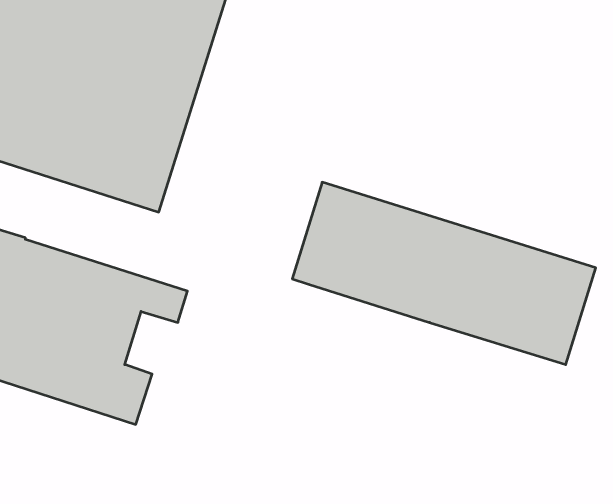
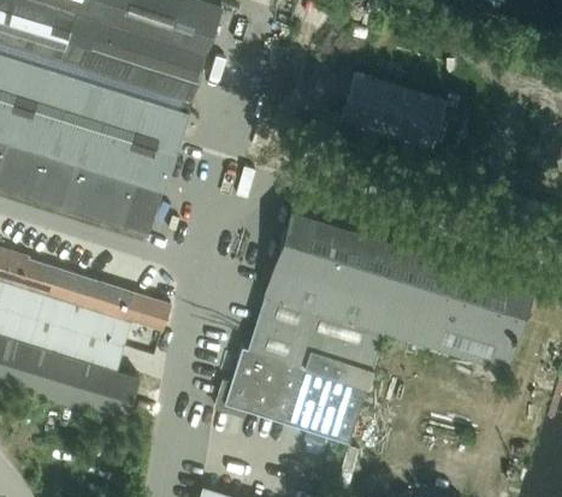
building: none -> [338,70,445,146]
building: none -> [215,300,386,449]

